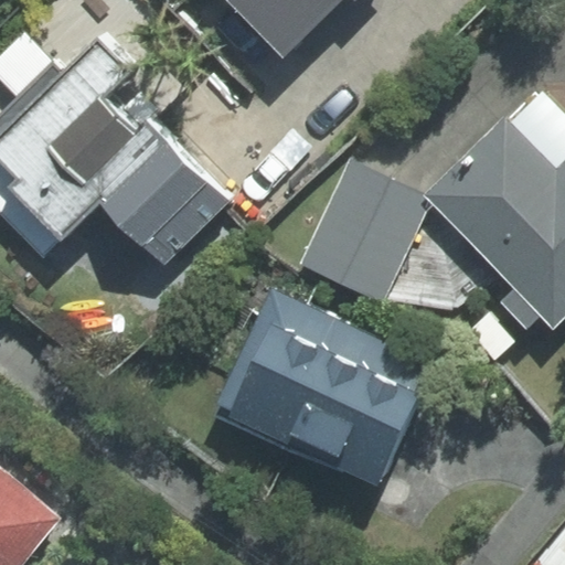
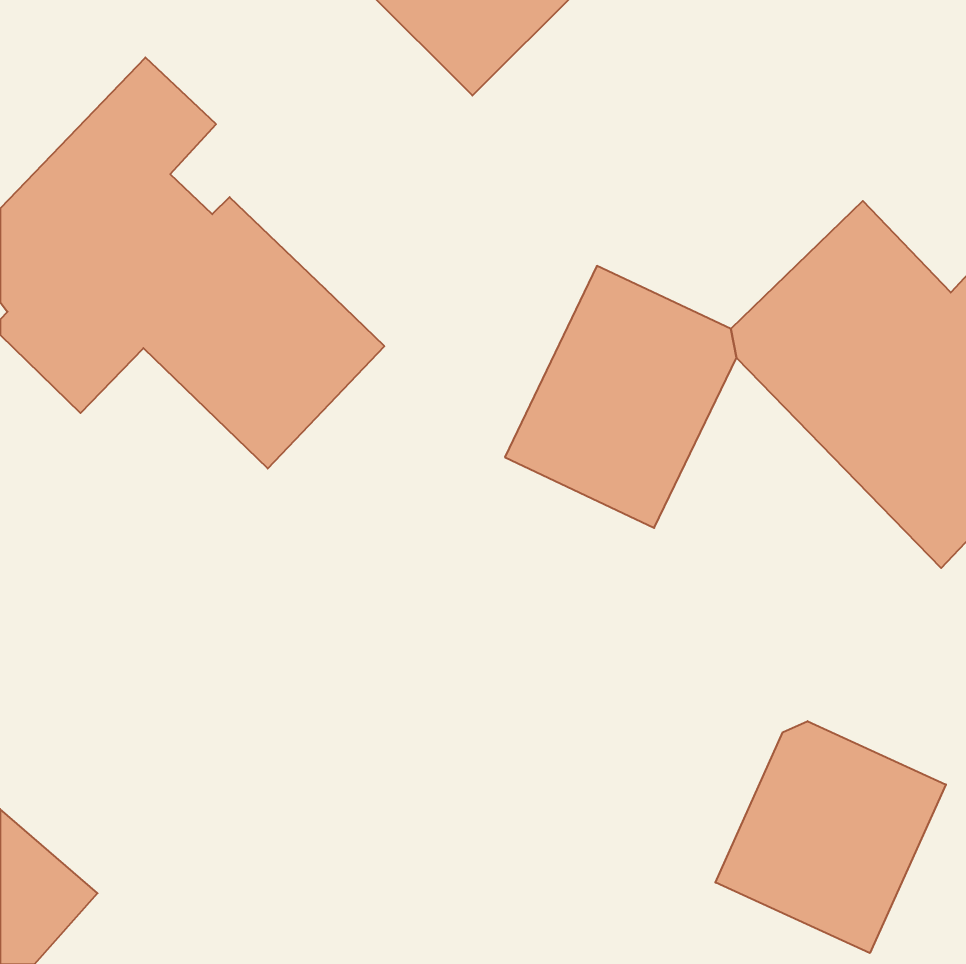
building: [214,291,434,489] -> none
building: none -> [715,721,946,953]

